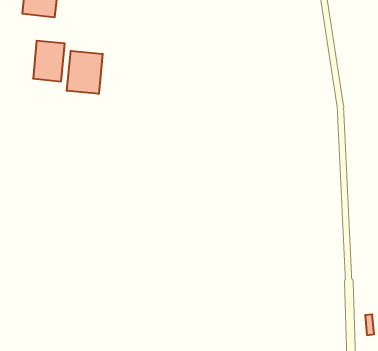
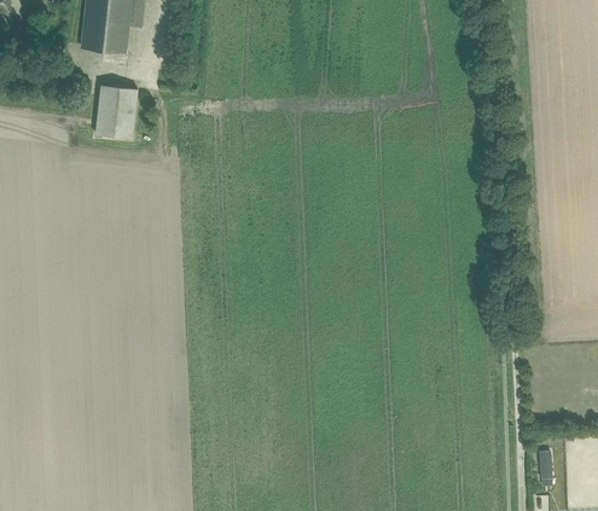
building: [67,51,103,94] -> none

